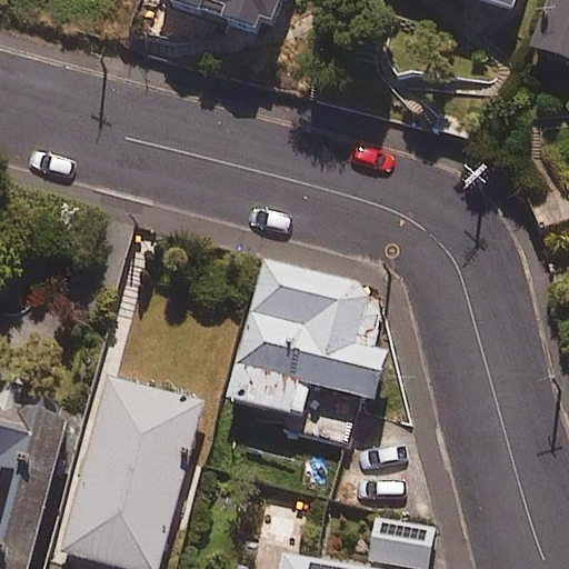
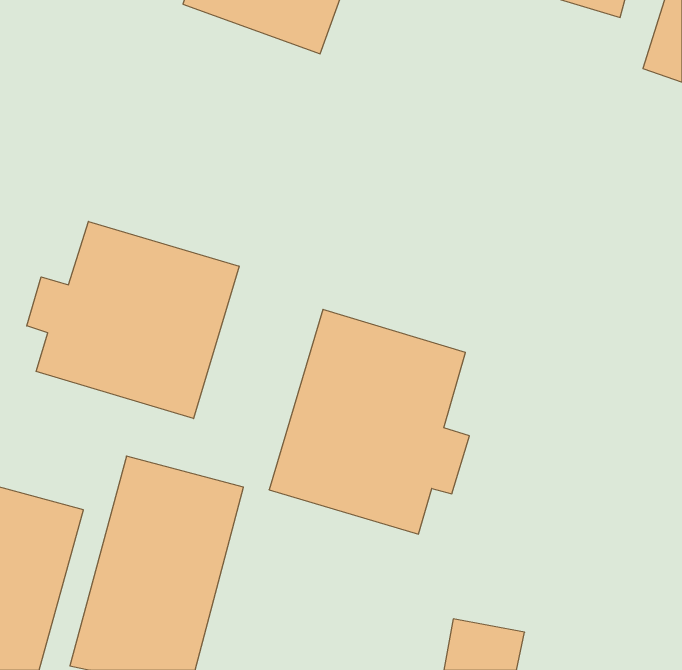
building: none -> [27,221,239,419]

